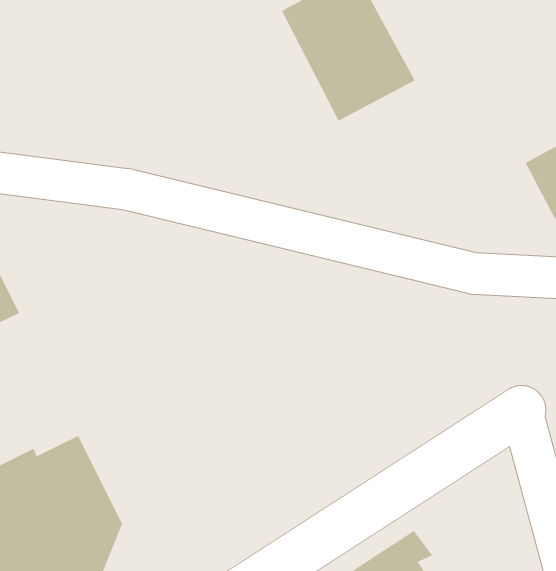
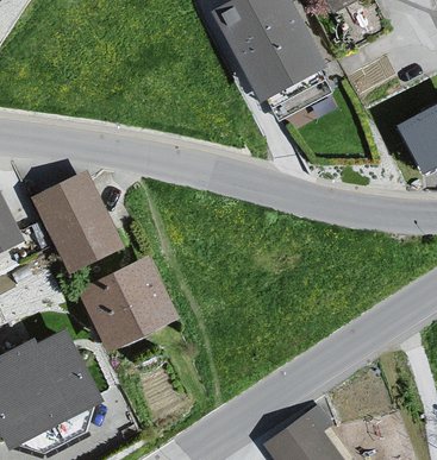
building: none -> [33,174,119,270]
building: none -> [81,259,174,348]

